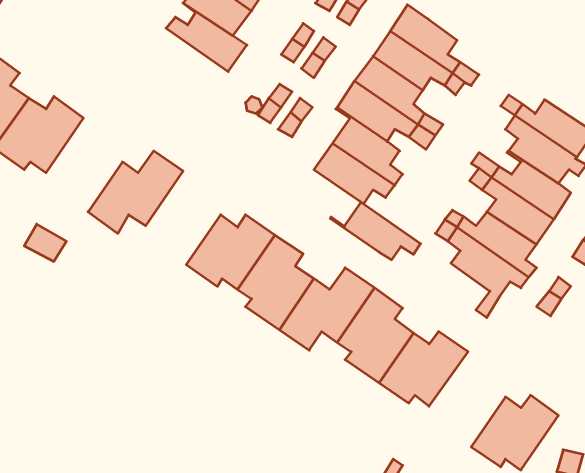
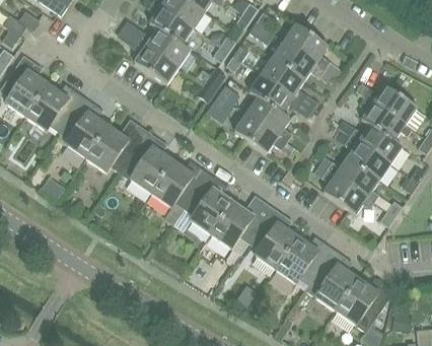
building: none -> [133,39,178,84]
building: none -> [60,97,110,158]
building: none -> [125,132,173,193]
building: [330,202,421,260] -> none
building: none -> [309,250,359,312]

